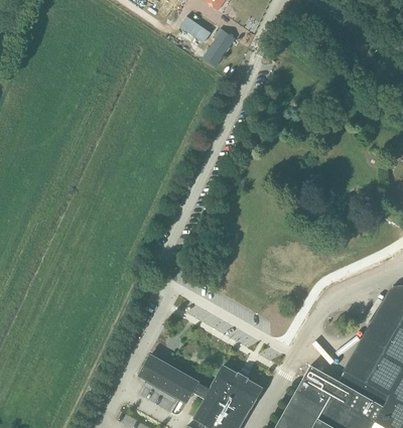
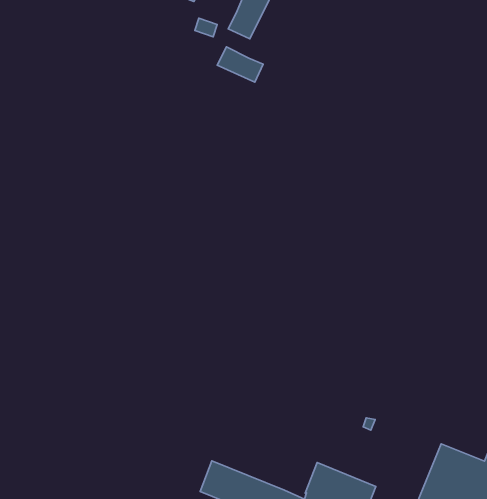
building: none -> [217,47,263,82]

